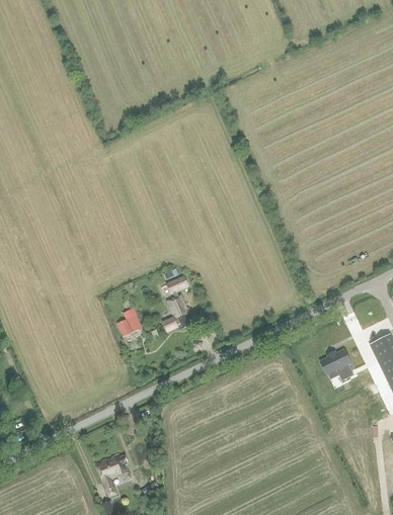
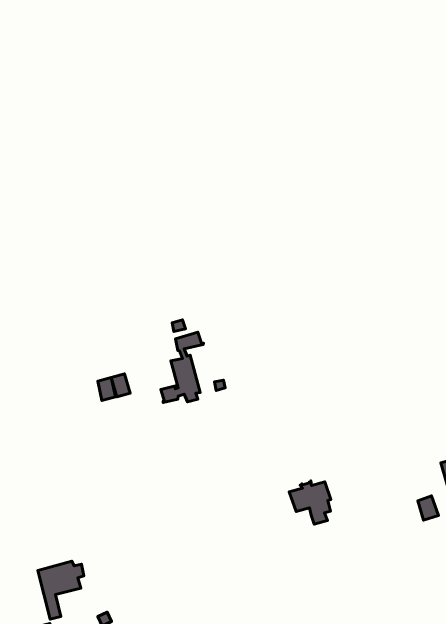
building: [320,349,351,380] -> [289,481,331,524]

